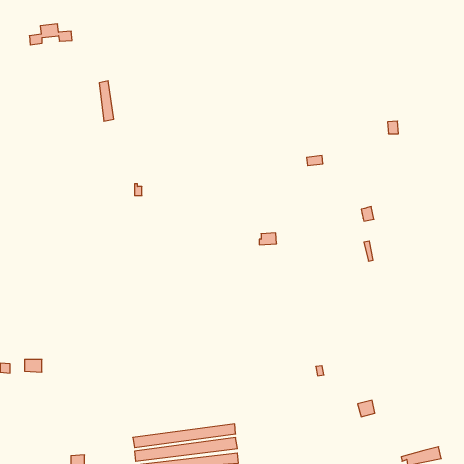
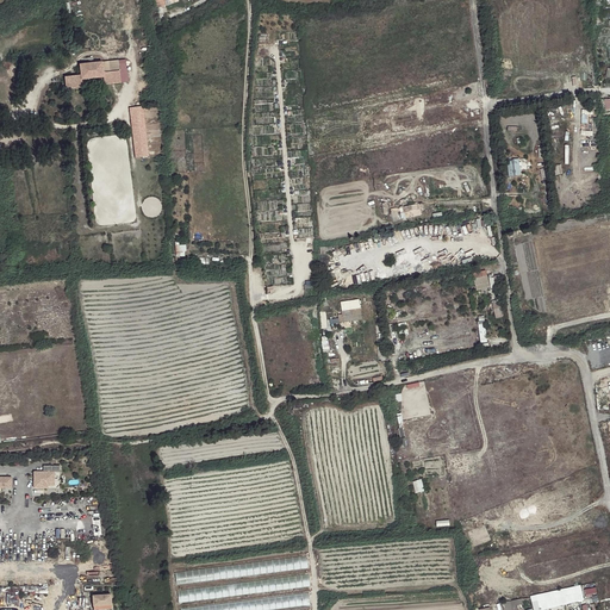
building: [29,24,72,45] -> [67,63,123,91]

